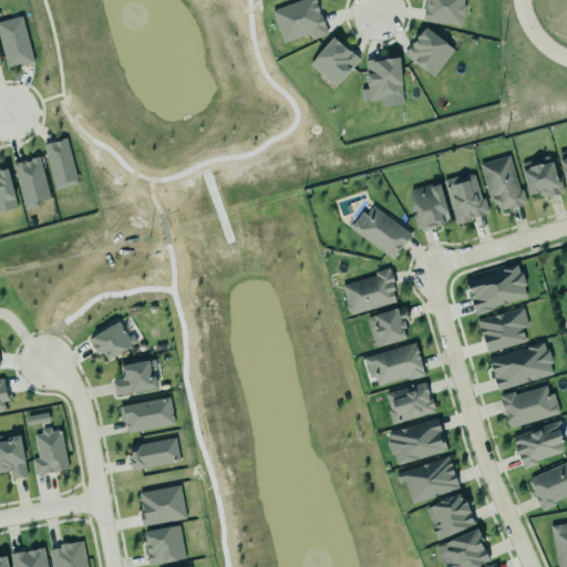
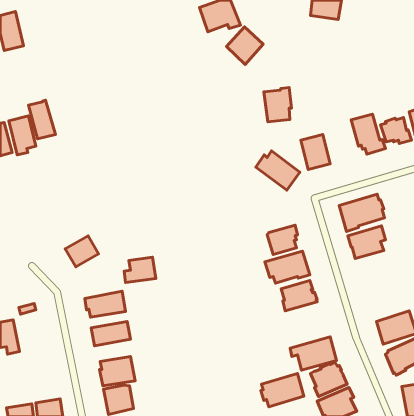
building: [406,27,456,76] -> none
building: [365,54,403,101] -> [264,88,291,122]
building: [445,174,488,225] -> none
building: [344,274,399,316] -> none
building: [487,342,551,391] -> none
building: [115,362,158,396] -> [124,257,156,283]
building: [498,385,559,429] -> none
building: [386,419,445,464] -> [261,373,304,407]
building: [31,427,71,476] -> none

